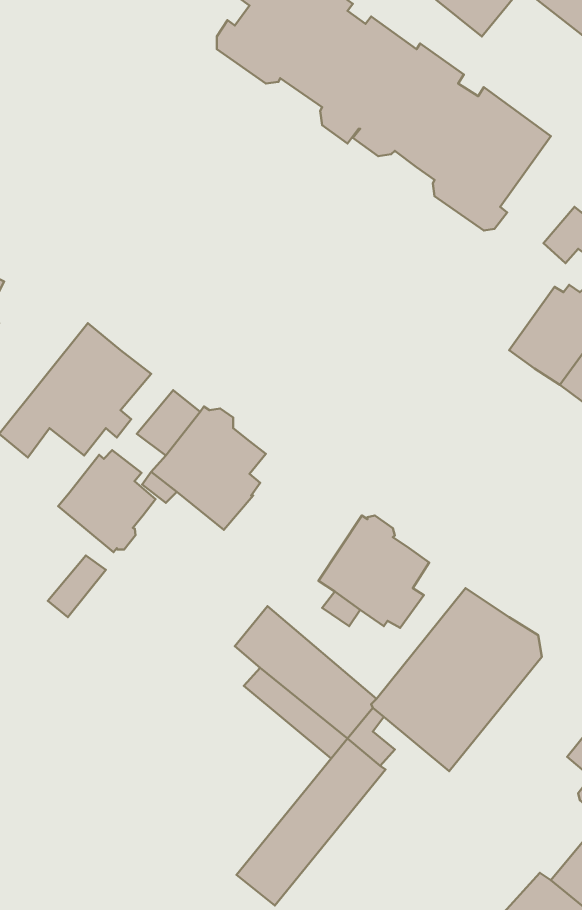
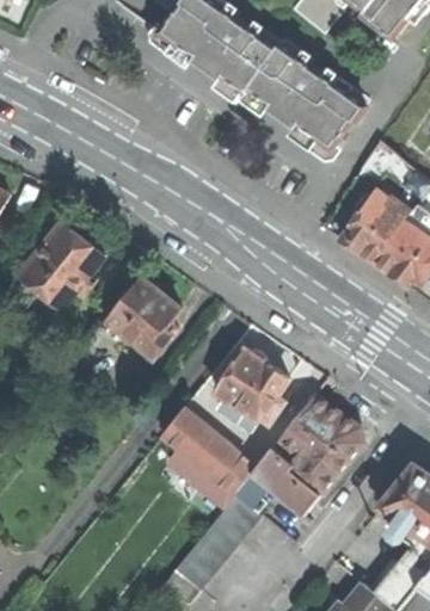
building: [58,450,156,552] -> none

